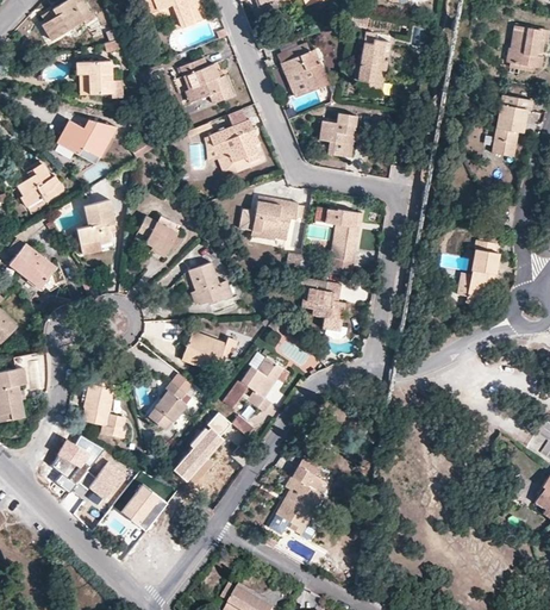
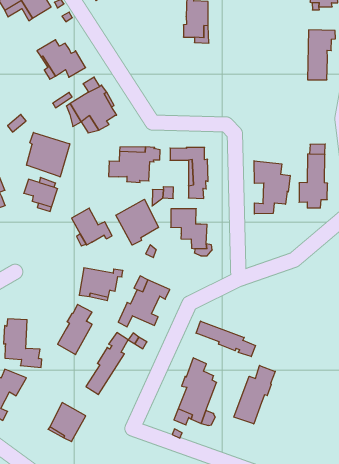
building: [277,43,329,98] -> none
building: [319,113,356,157] -> none
building: none -> [27,132,70,177]
building: none -> [254,161,290,214]
building: none -> [116,199,158,245]
building: none -> [196,321,255,357]
building: [77,461,124,499] -> none
building: none -> [234,365,275,424]

